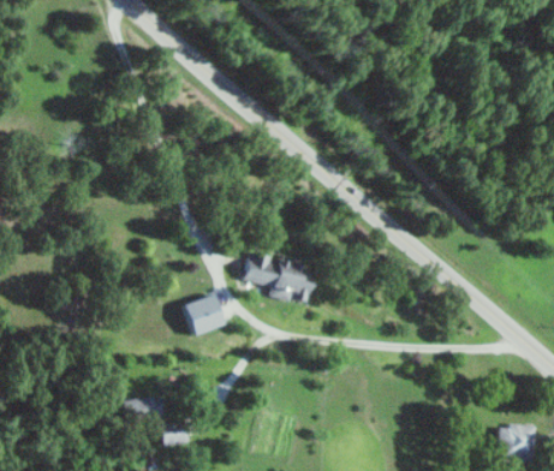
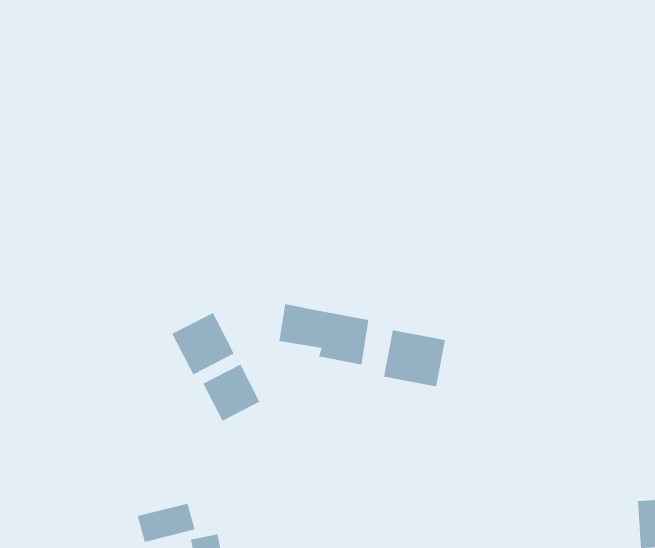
building: none -> [172,312,235,375]
building: none -> [384,330,445,387]

